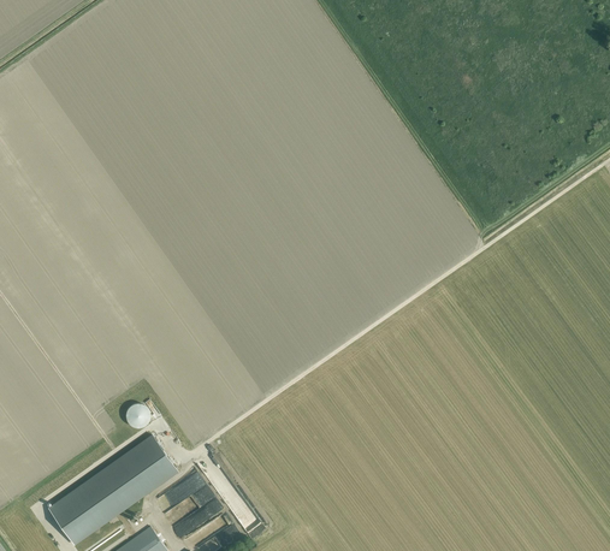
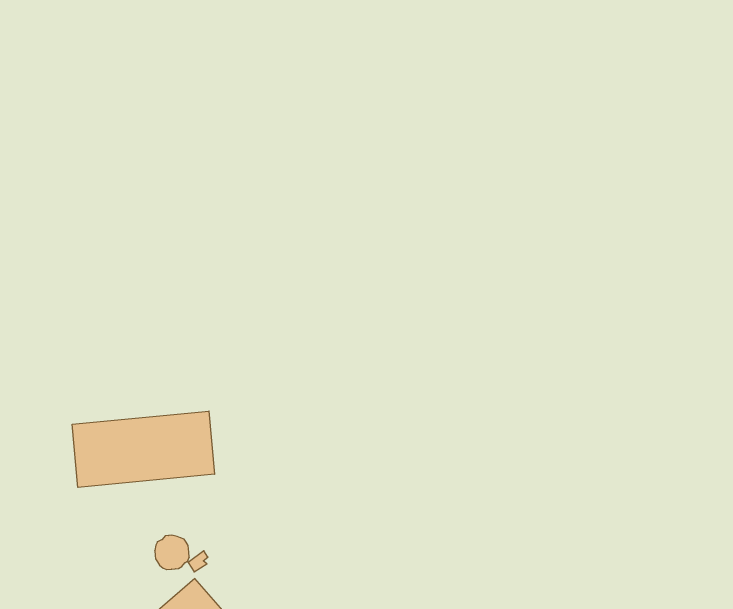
building: none -> [72,411,215,487]

